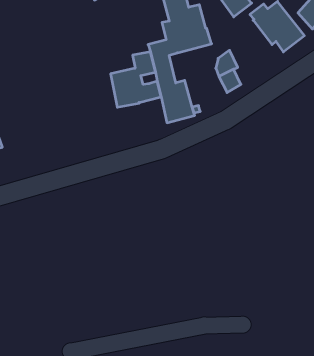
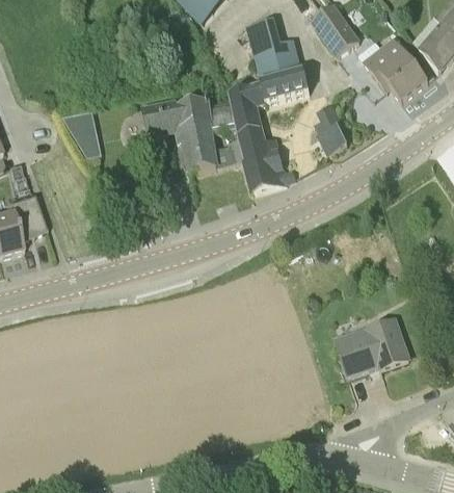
building: none -> [143,99,211,133]
building: none -> [61,108,101,154]
building: none -> [335,317,407,372]

